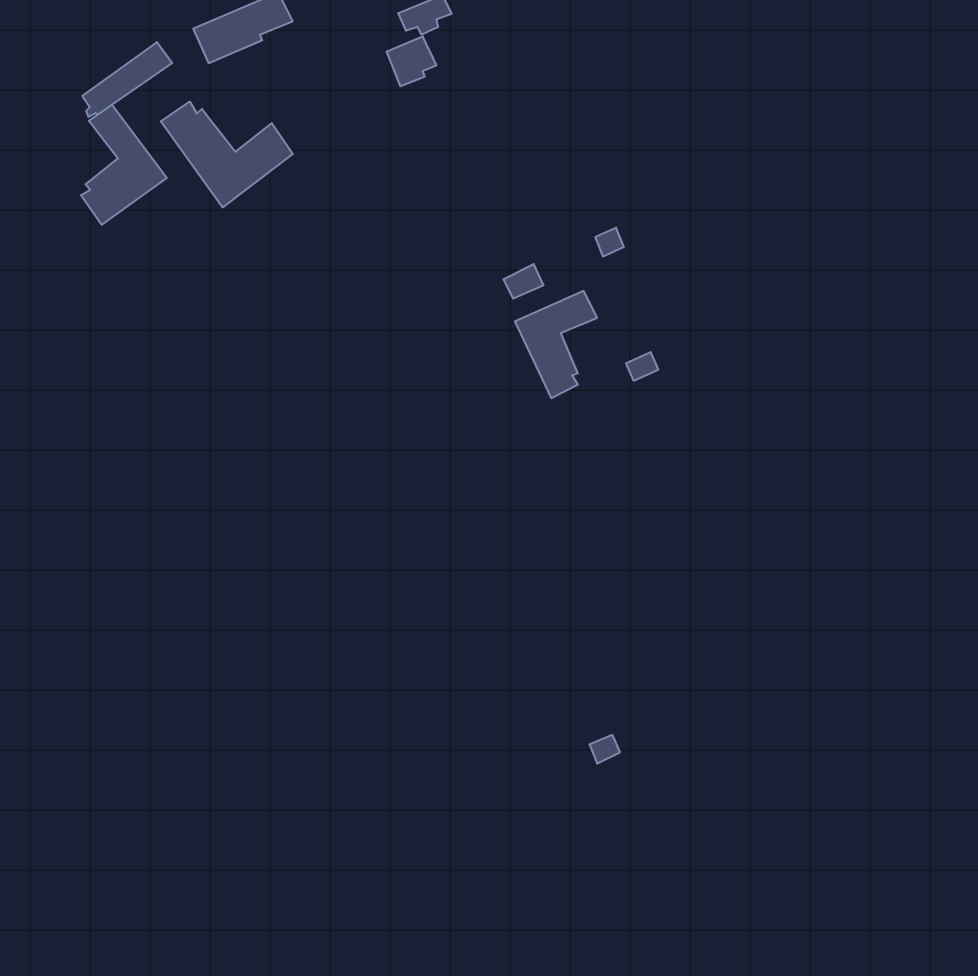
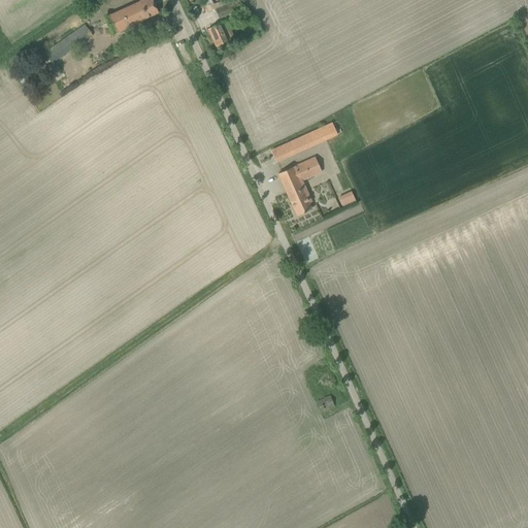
building: [161,102,293,207] -> none
building: [81,105,167,225] -> none

